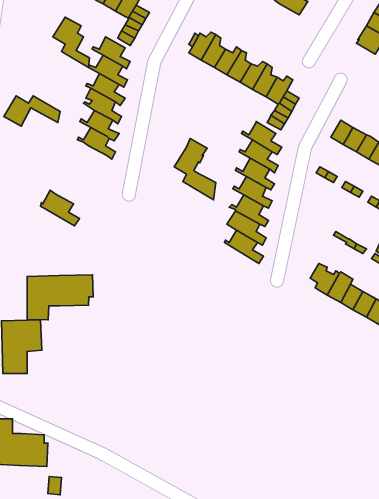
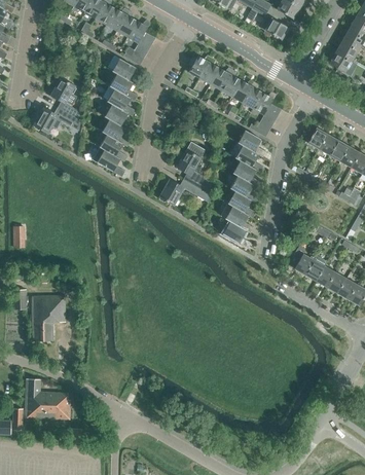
building: [53,17,90,68] -> [50,78,81,120]
building: none -> [159,179,210,205]
building: [40,190,80,226] -> [92,146,124,176]
building: [27,275,93,320] -> none

